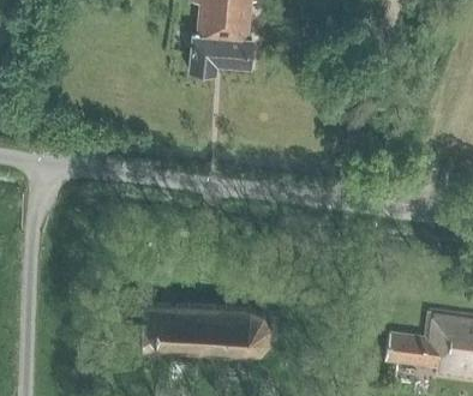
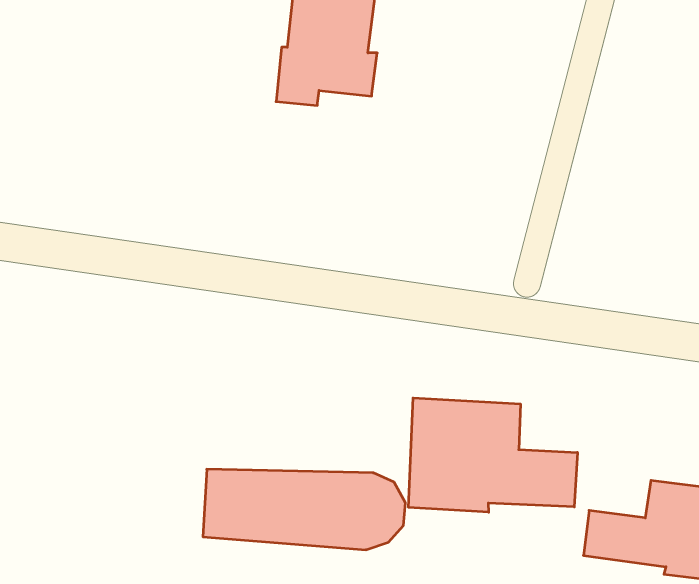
building: none -> [409,398,577,512]

